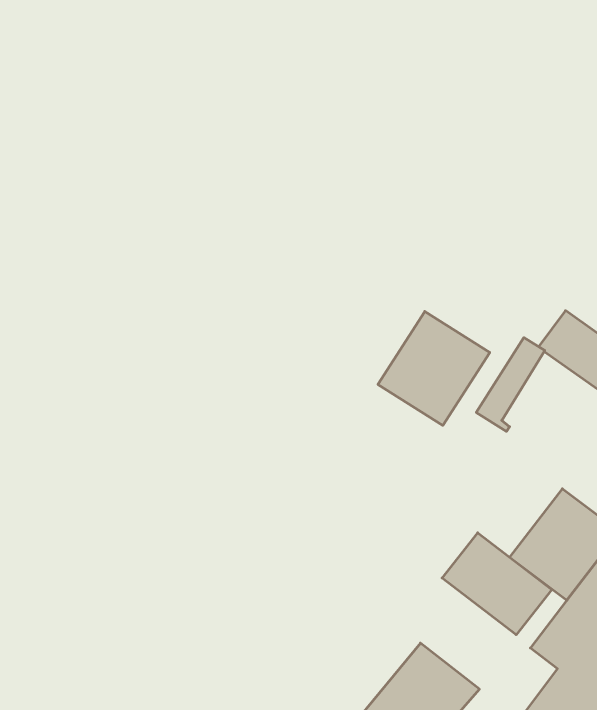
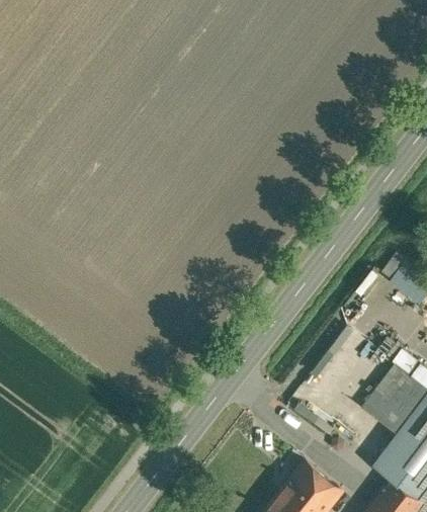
building: [378,311,490,425] -> none
building: [442,533,552,635] -> none

